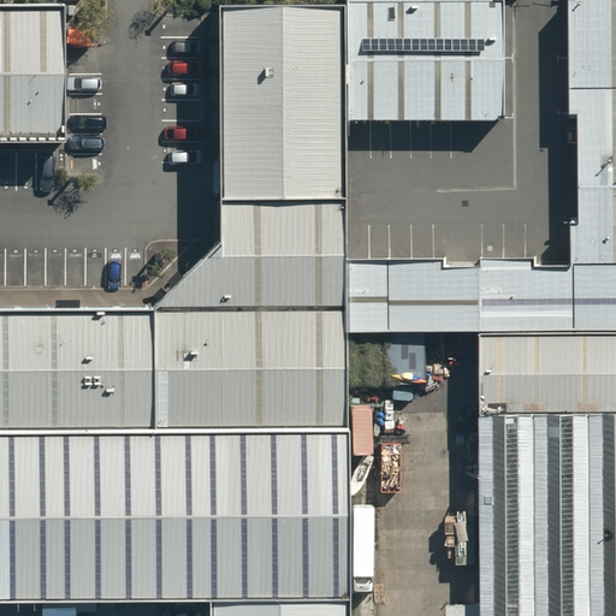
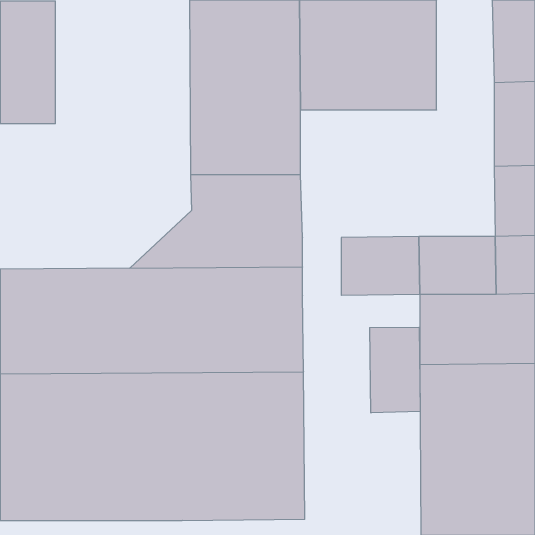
building: [348,273,392,339] -> none
building: none -> [370,327,420,413]

